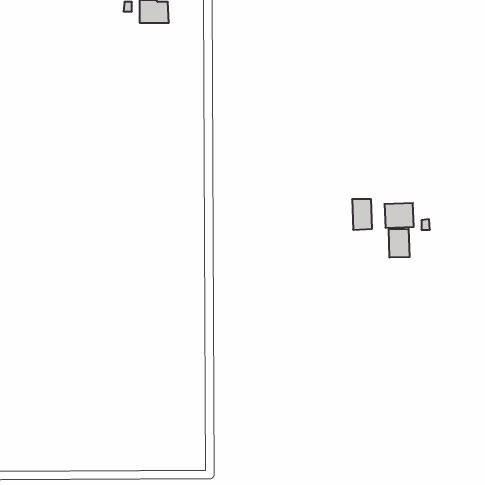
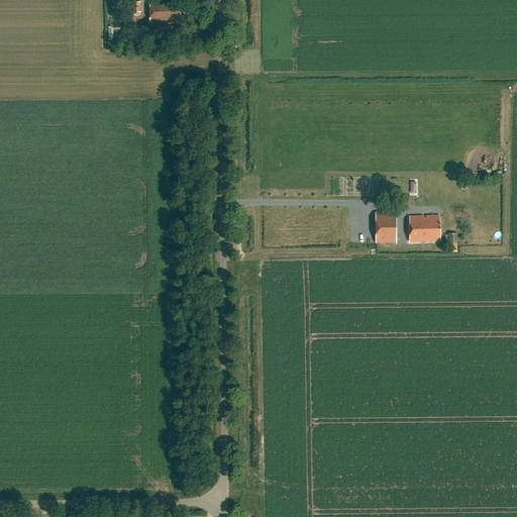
building: [389,229,410,258] -> none

